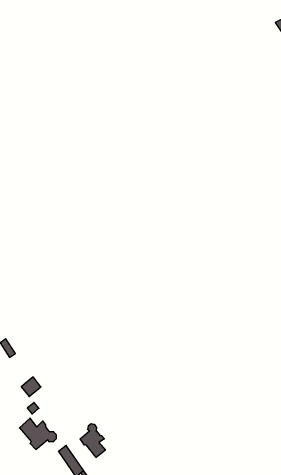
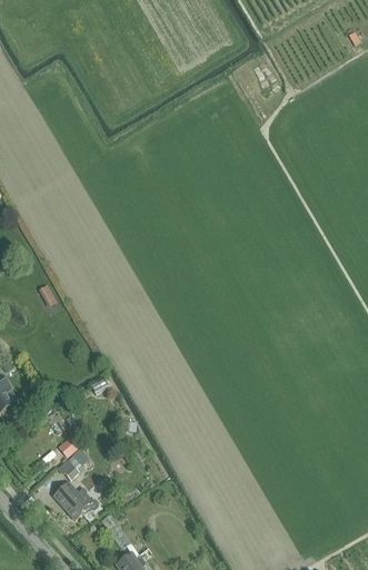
building: [80,424,105,457] -> none

